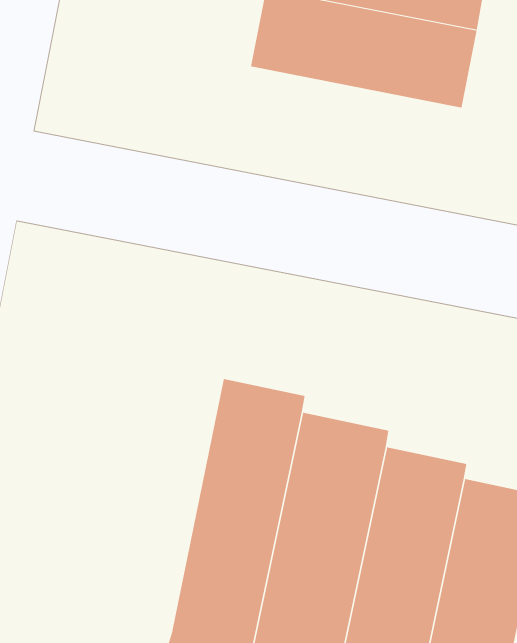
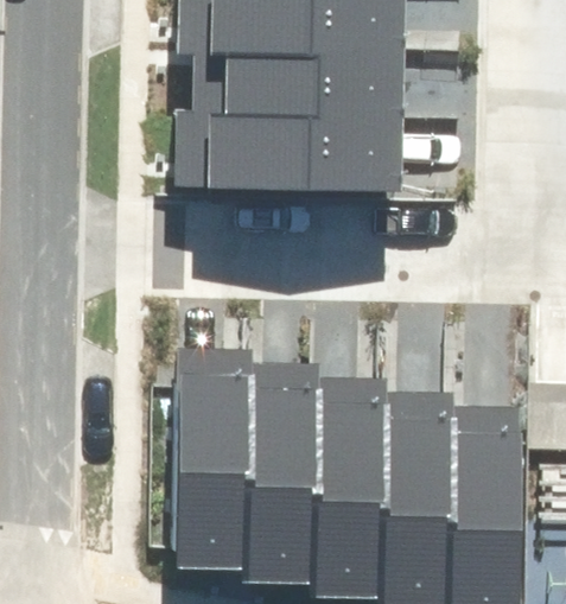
building: none -> [206,114,399,189]
building: none -> [178,346,250,567]

